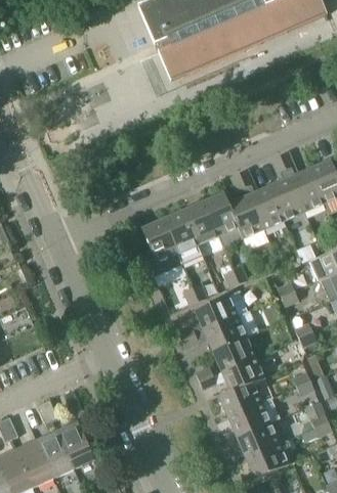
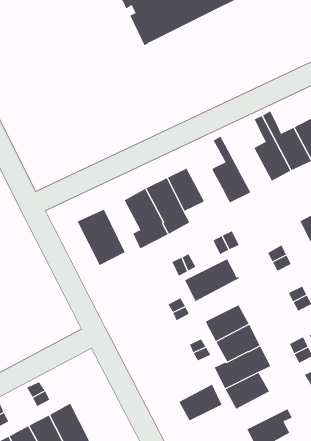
building: [239,169,285,229] -> none
building: [204,192,243,246] -> none
building: none -> [77,209,126,266]
building: [204,311,258,351] -> none
building: [237,422,287,457] -> [179,384,231,421]

